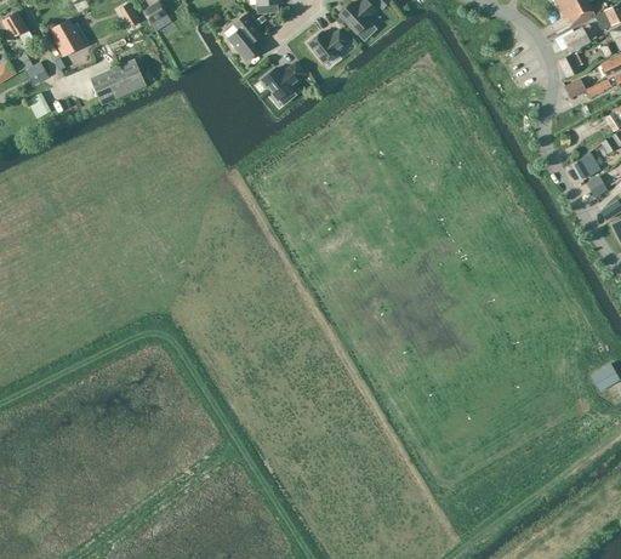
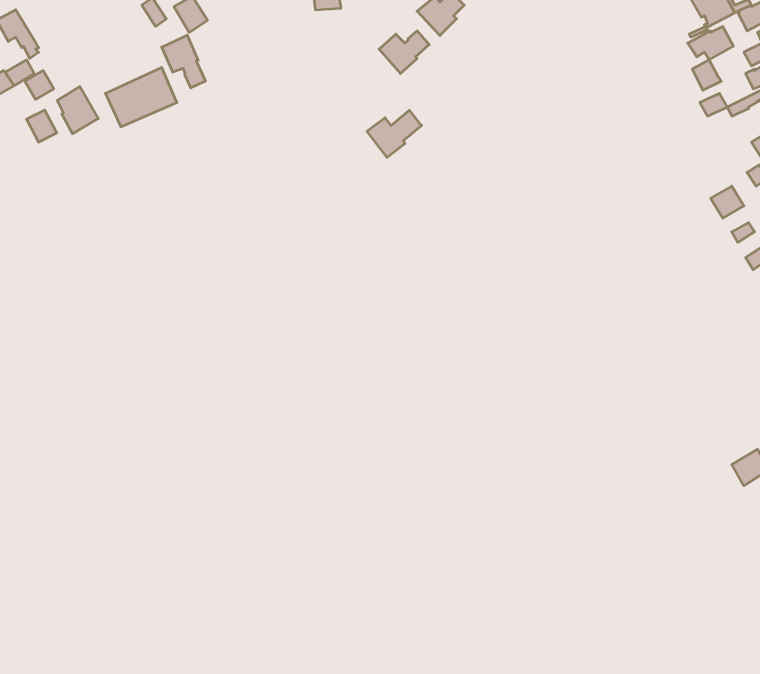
building: [228,13,262,59] -> none
building: [51,18,84,56] -> [57,87,98,134]
building: none -> [162,35,205,88]
building: [262,61,306,98] -> [367,110,422,157]

